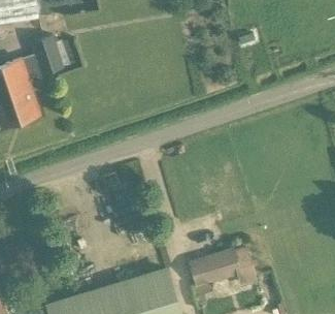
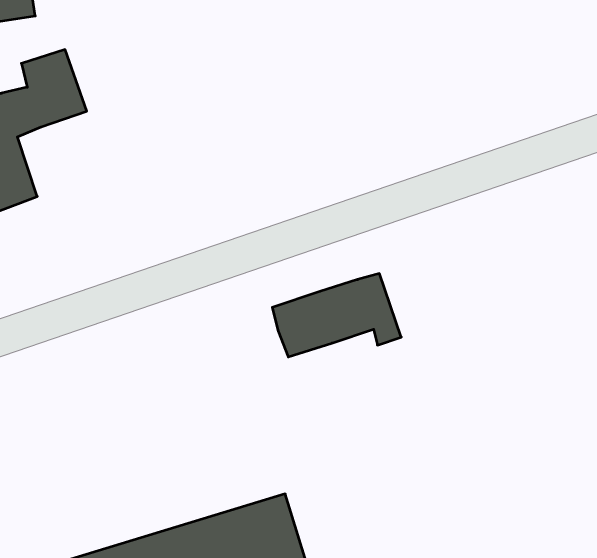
building: [189,246,256,289] -> [272,274,401,357]

